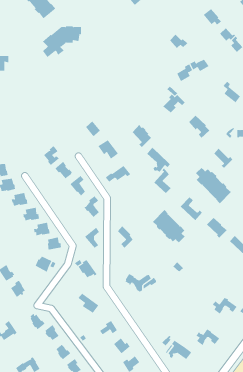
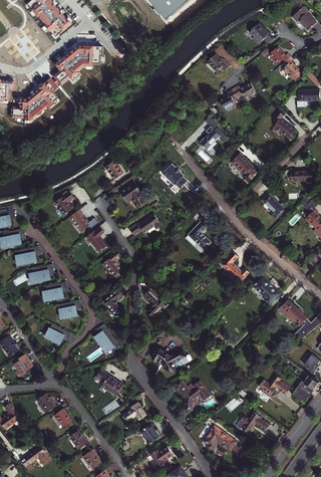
building: none -> [10,78,56,120]
building: [147,147,170,173] -> none
building: [195,167,232,204] -> none
building: [152,209,185,243] -> none
building: none -> [173,380,211,410]

